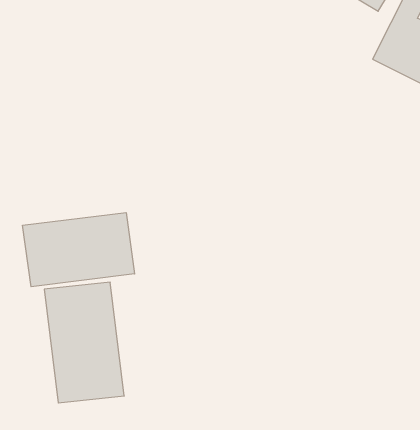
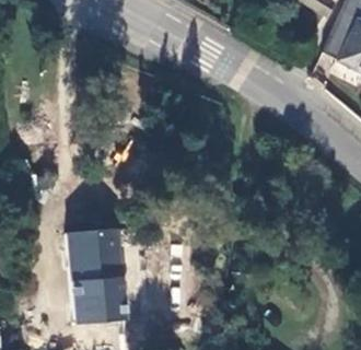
building: [23,213,135,287] -> none

